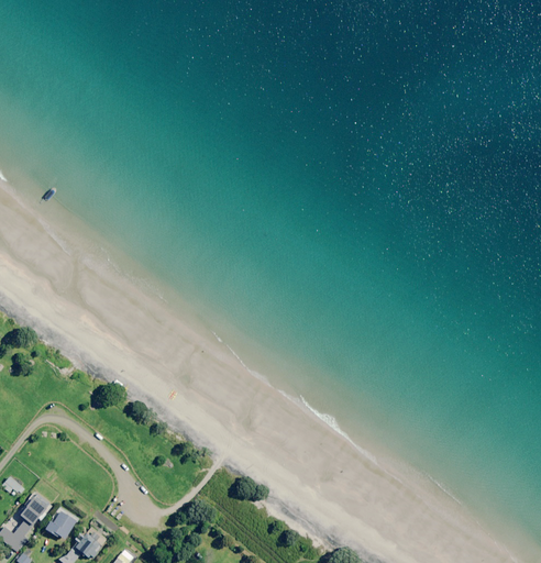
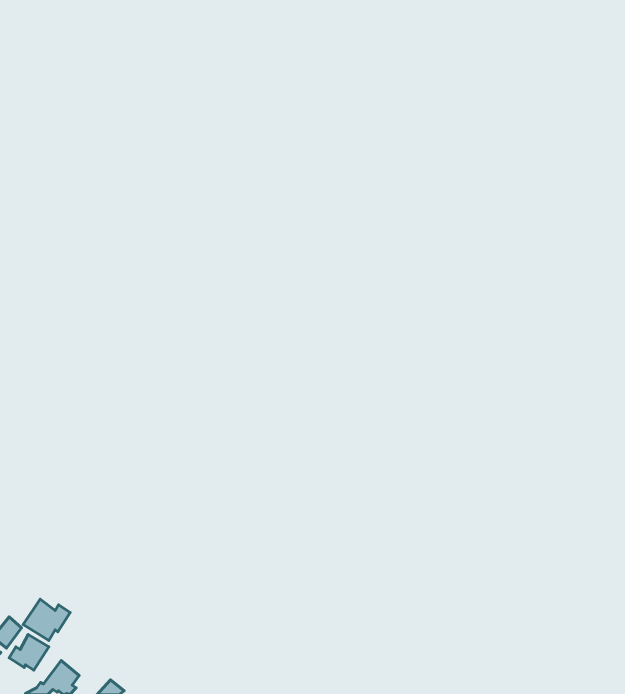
building: none -> [23,599,70,640]

